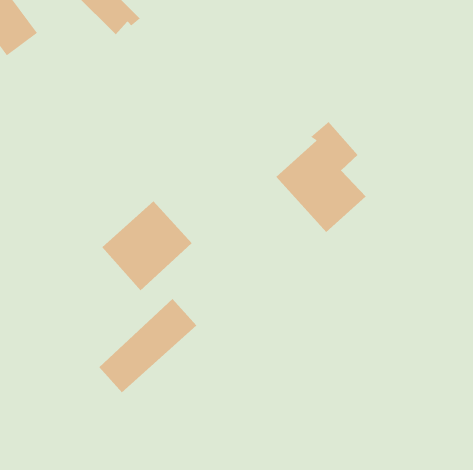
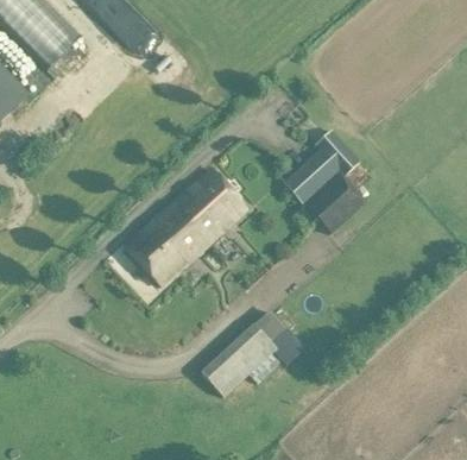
building: none -> [172,168,246,242]
building: [98,298,197,393] -> [202,309,292,396]

